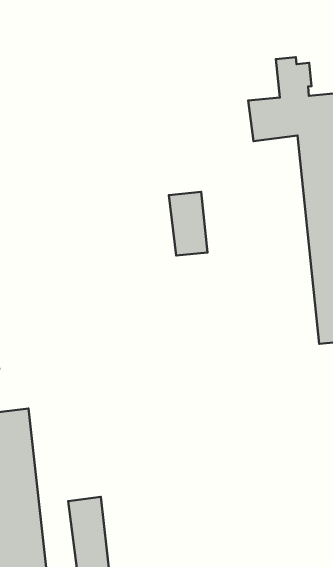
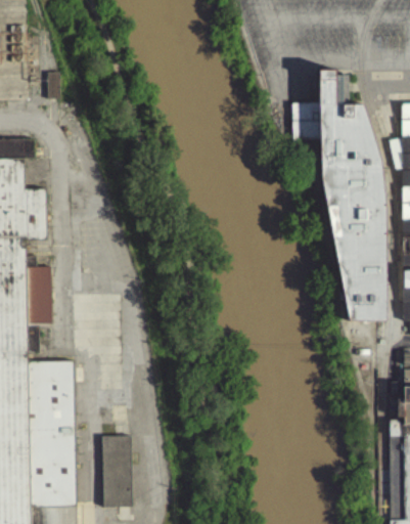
building: [169,192,207,256] -> none

